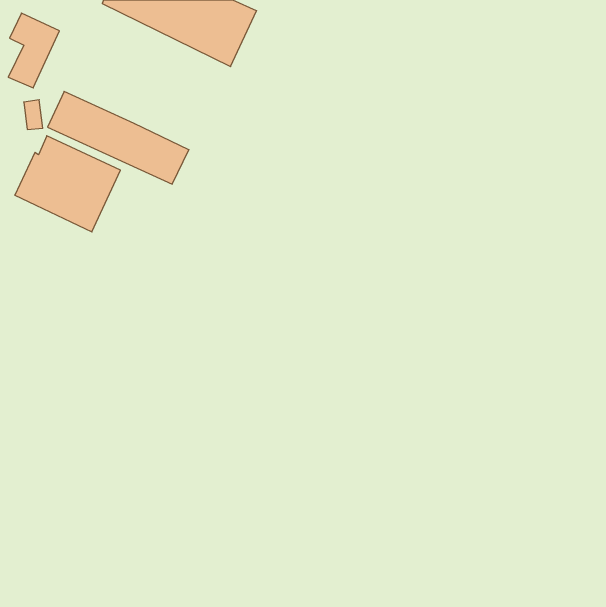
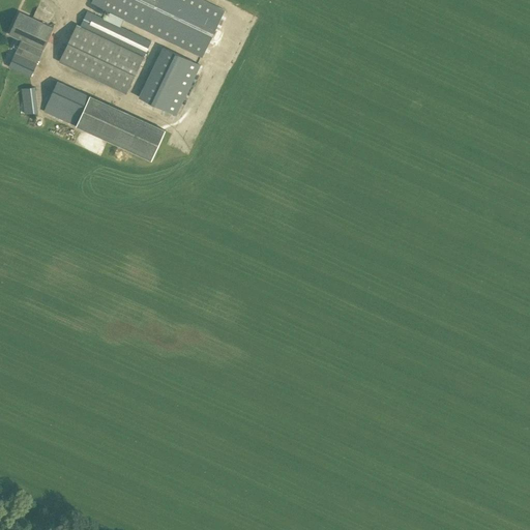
building: none -> [138,46,200,116]
building: [15,136,120,232] -> [58,10,150,94]

